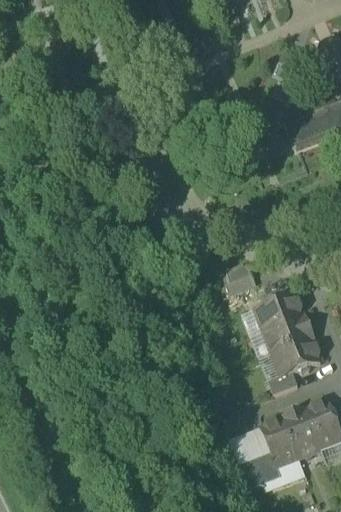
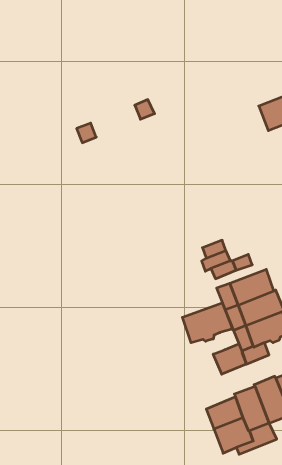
building: none -> [182,303,232,343]
building: none -> [213,344,246,374]

